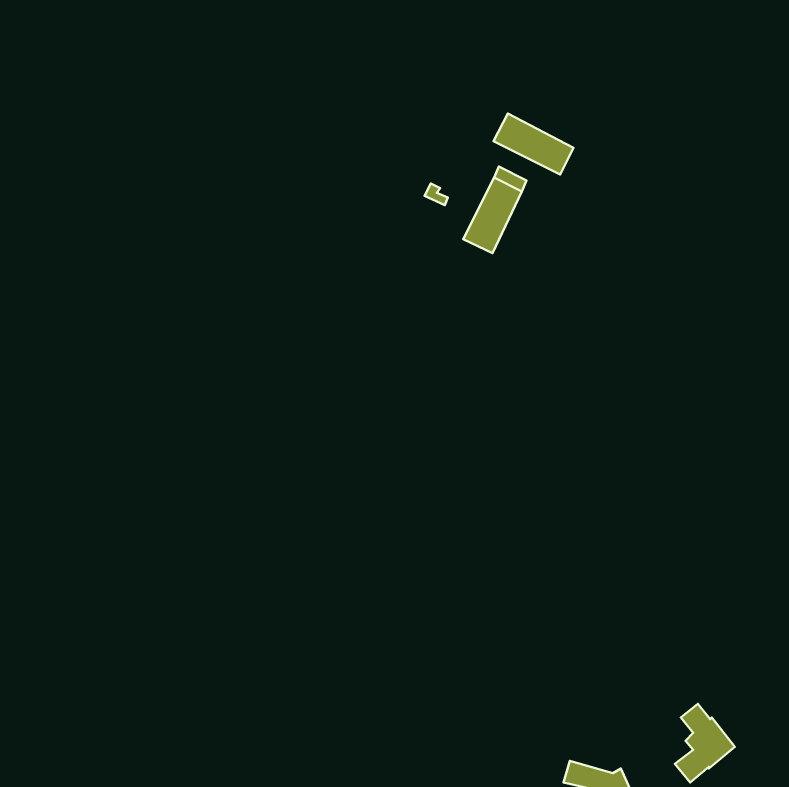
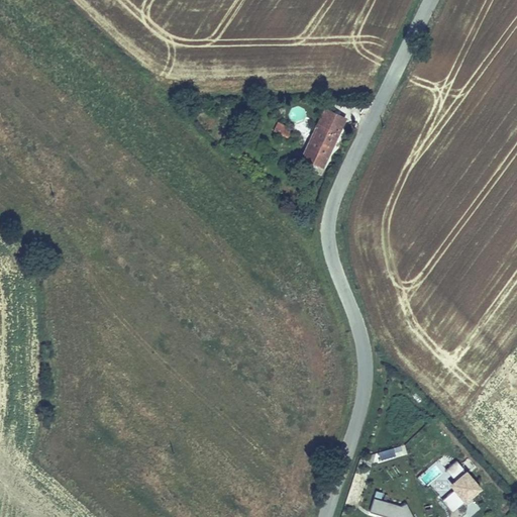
building: [493,114,574,174] -> none

